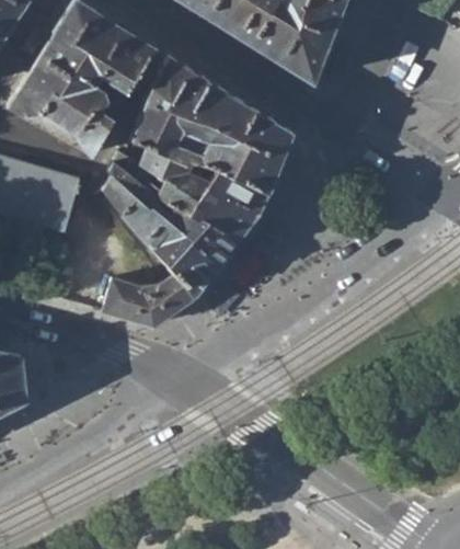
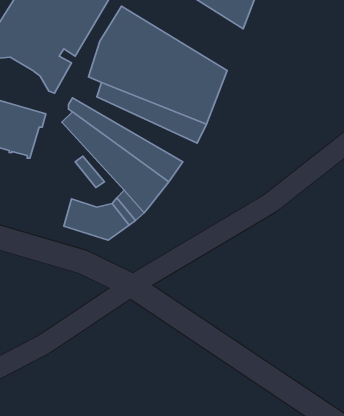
building: [113,153,257,238] -> none

